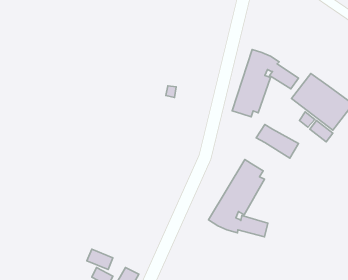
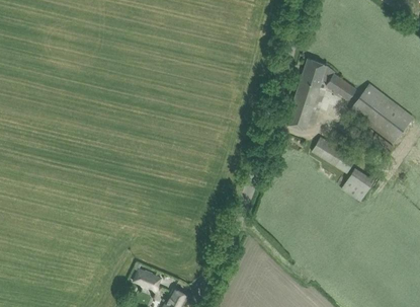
building: none -> [340,168,373,202]
building: [209,159,268,237] -> none

